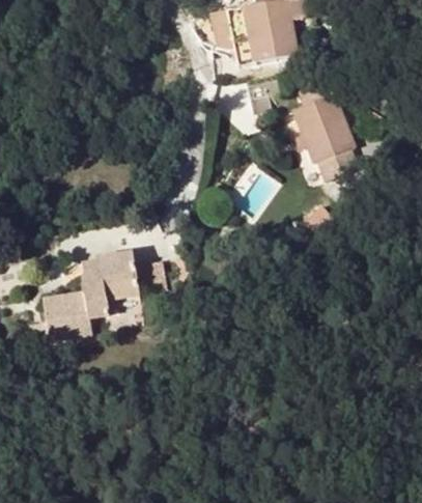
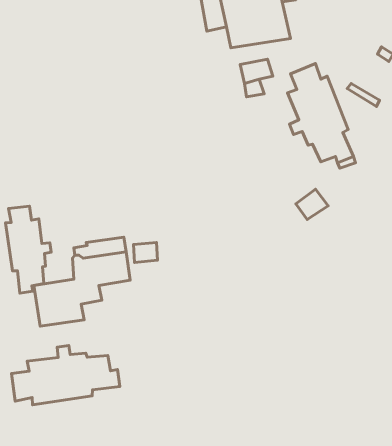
building: none -> [6,206,51,293]
building: none -> [12,345,120,405]

